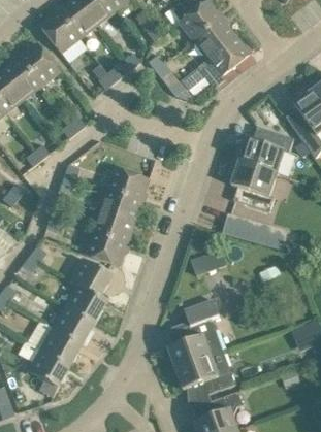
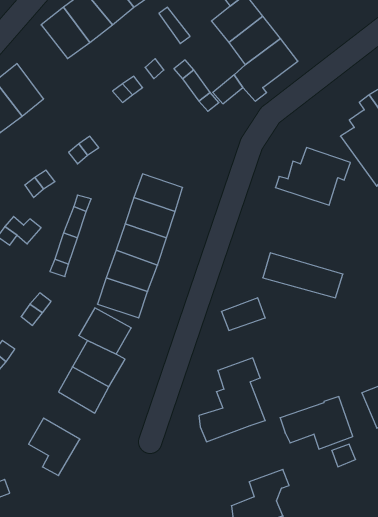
building: [20,43,60,86] -> none
building: [229,159,277,212] -> none
building: [41,327,84,366] -> none
building: [175,351,235,394] -> [280,397,353,449]

